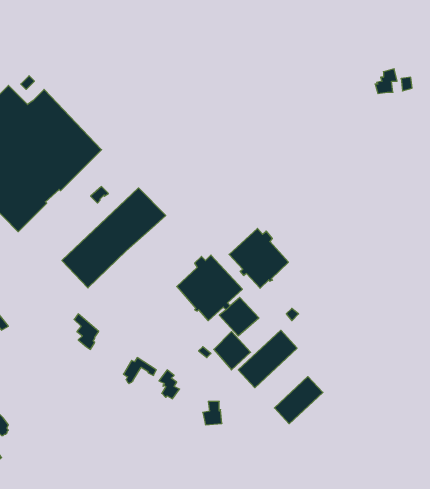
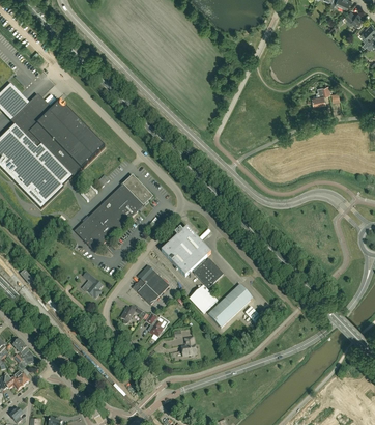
building: [229,228,288,288] -> none
building: none -> [132,264,169,304]
building: [274,377,323,424] -> none

